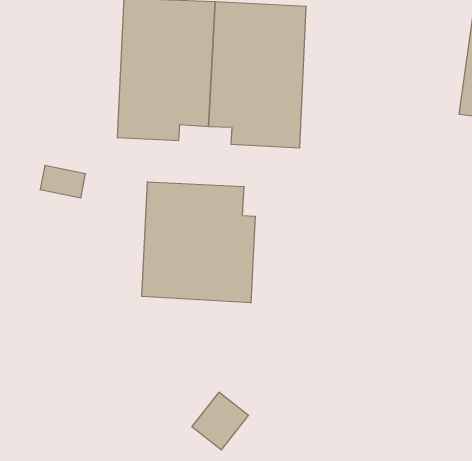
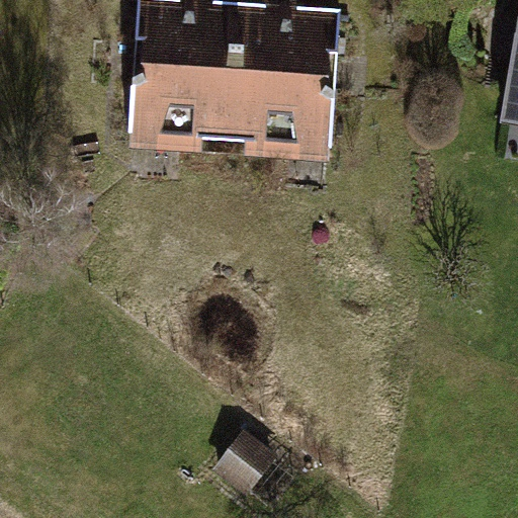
building: [142,182,255,303] -> none

